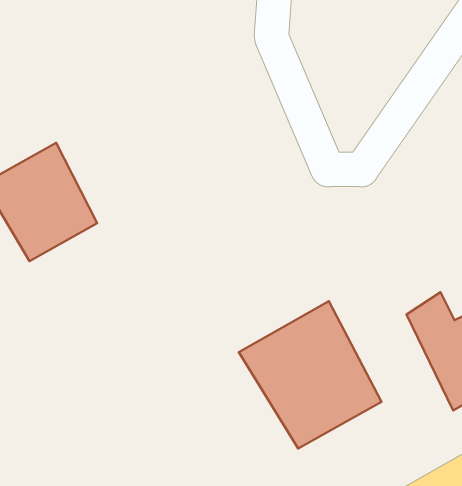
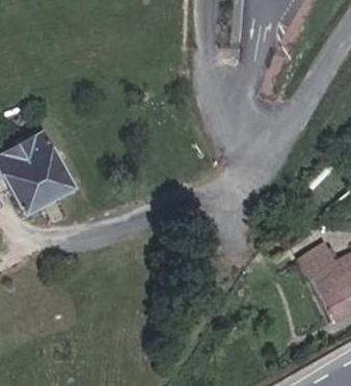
building: [239,301,382,449] -> none

